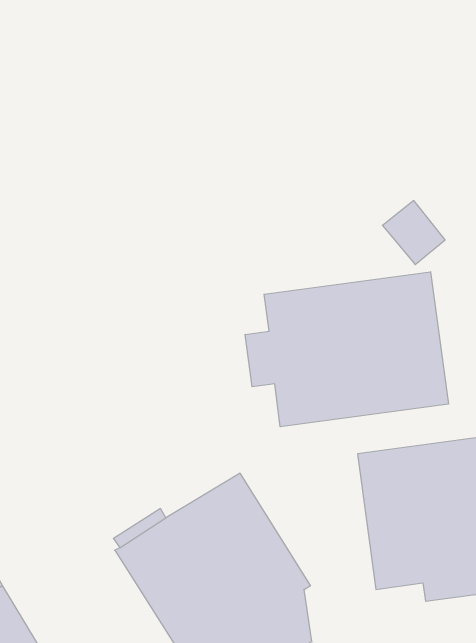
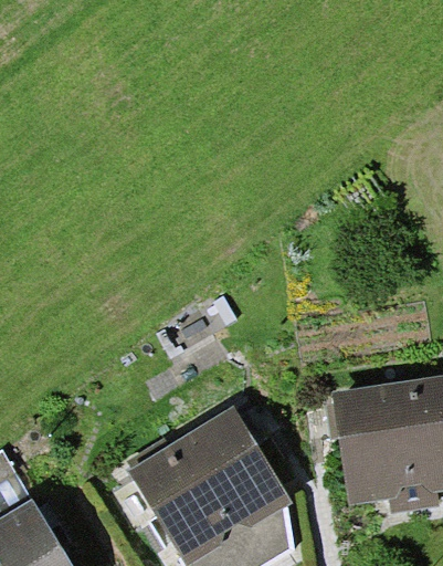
building: [245,272,448,427] -> none

